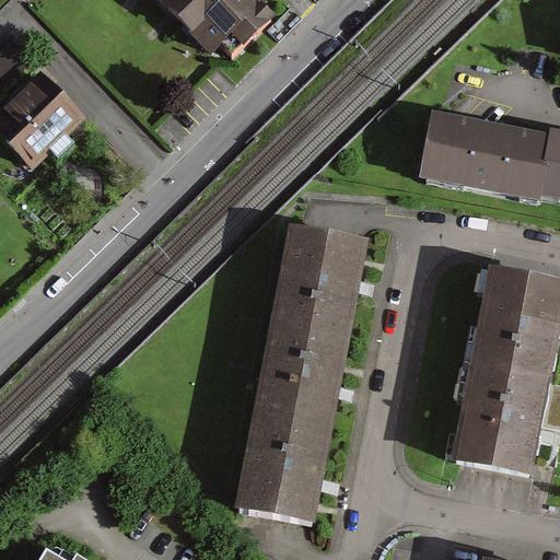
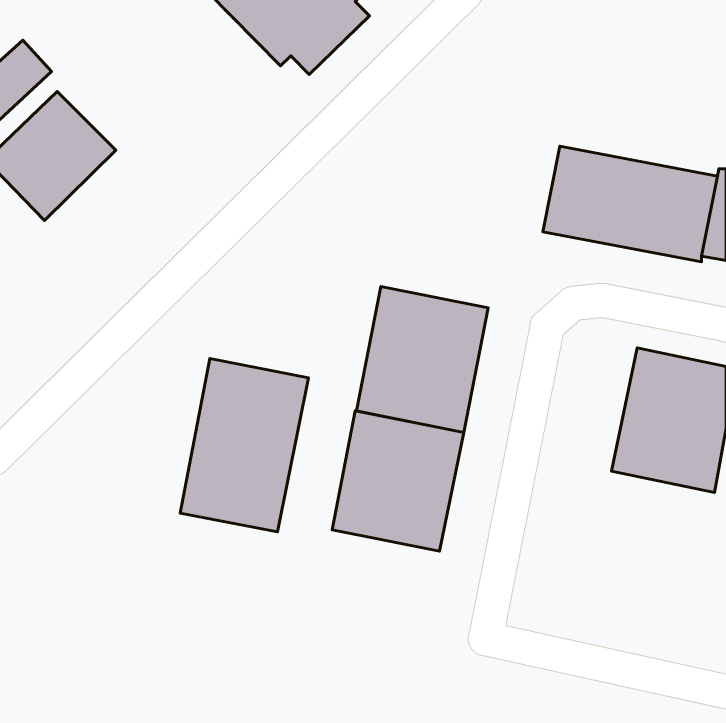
building: none -> [180,358,308,532]
building: [446,360,546,474] -> none
building: [234,405,336,518] -> none

